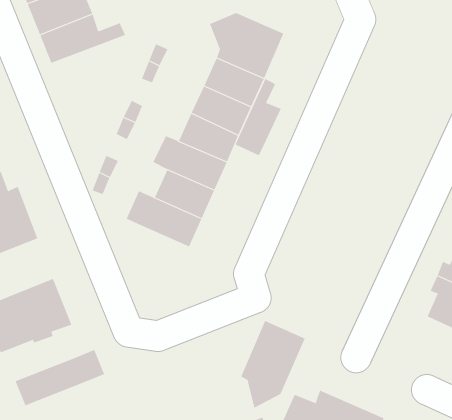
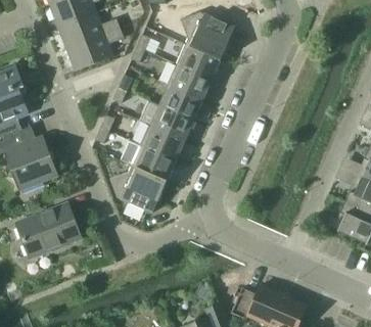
building: none -> [65,28,124,72]
building: [235,78,282,156] -> none
building: none -> [109,166,166,213]
building: [240,320,306,409] -> none
building: [15,349,105,406] -> none

